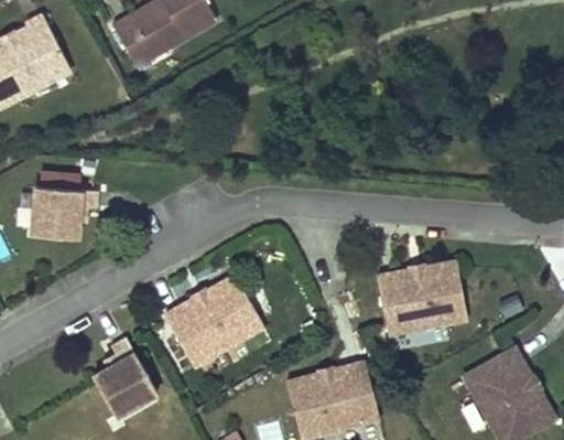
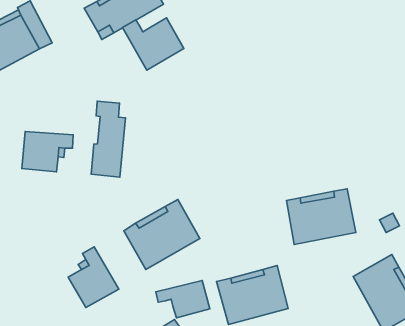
building: none -> [123,18,184,70]
building: none -> [91,101,126,177]
building: none -> [156,280,210,318]

